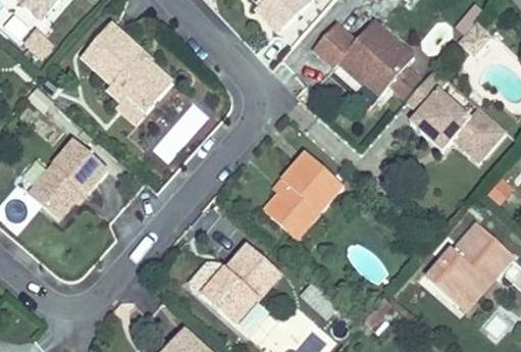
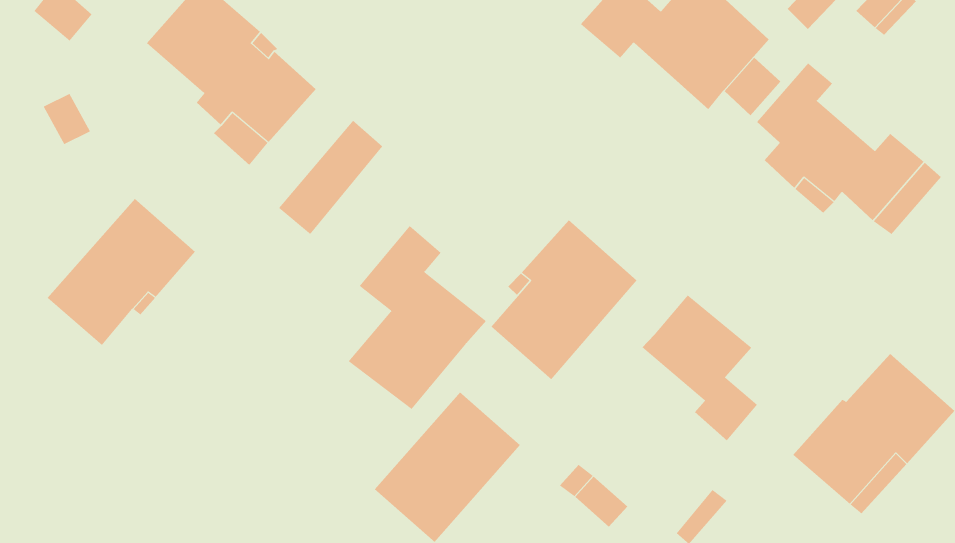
building: none -> [348,225,487,410]
building: none -> [641,294,758,441]

